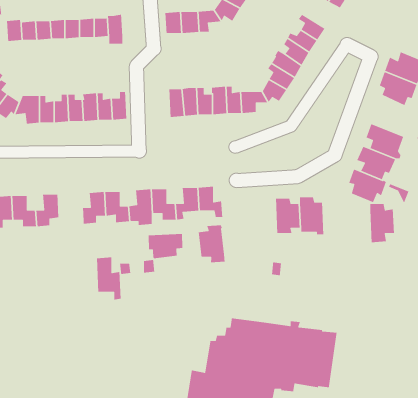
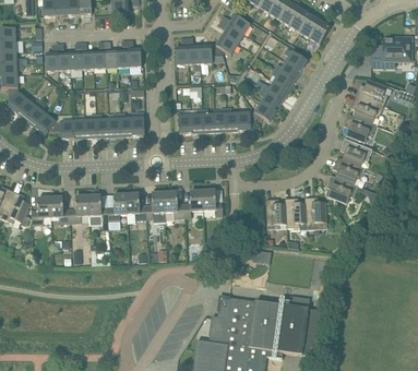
building: none -> [343,113,375,142]
building: [370,203,395,243] -> [304,196,325,229]
building: [198,224,226,263] -> none
building: [148,233,183,259] -> none
building: [96,257,122,300] -> [87,194,108,230]

